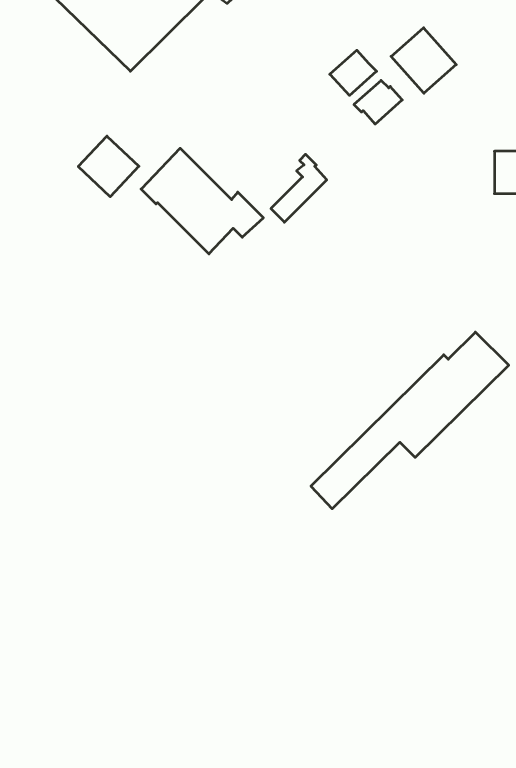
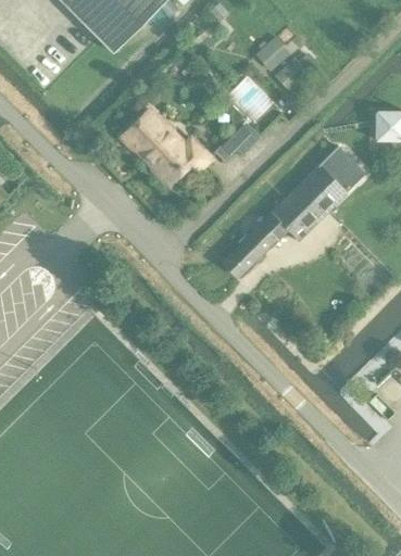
building: [391,28,456,93] -> none
building: [78,136,139,197] -> none
building: [311,332,509,509] -> [224,150,366,277]

